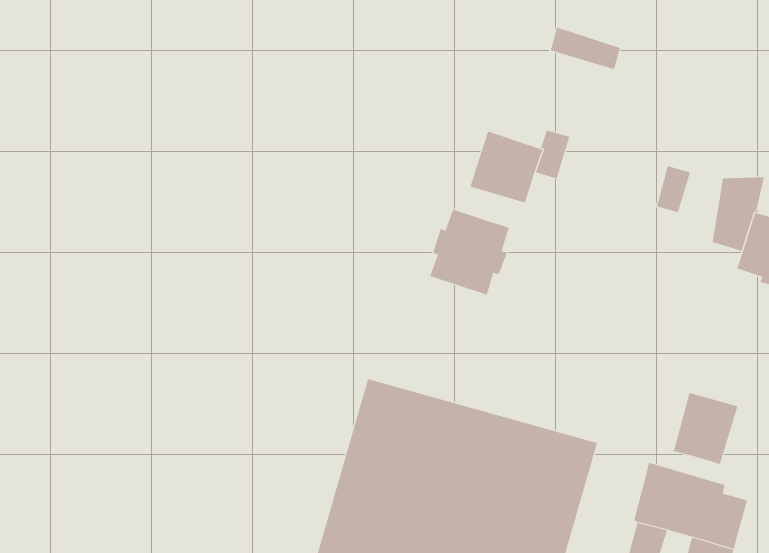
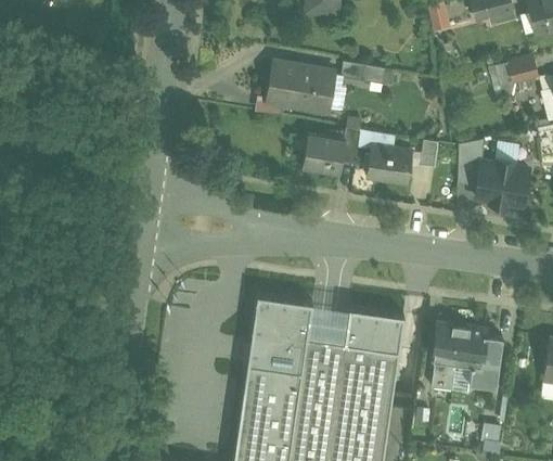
building: none -> [271,66,334,113]
building: none -> [368,145,413,182]
building: [429,209,509,295] -> none
building: [673,392,738,465] -> none

